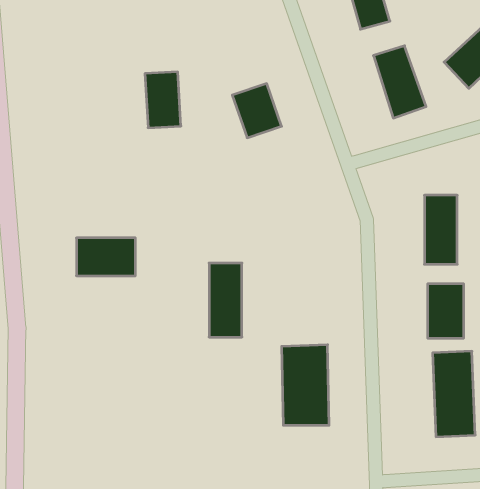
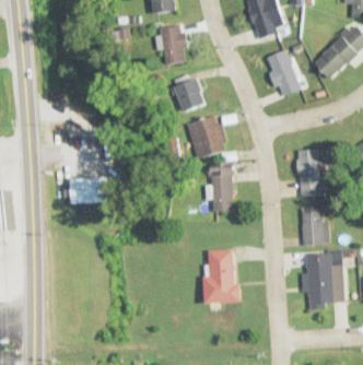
building: [145,72,181,128] -> [161,25,185,62]
building: none -> [187,115,224,156]
building: [209,263,242,337] -> [211,162,233,211]

